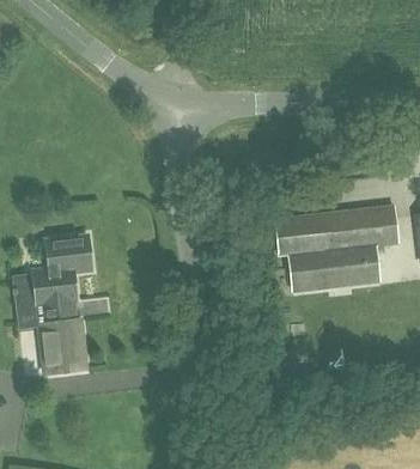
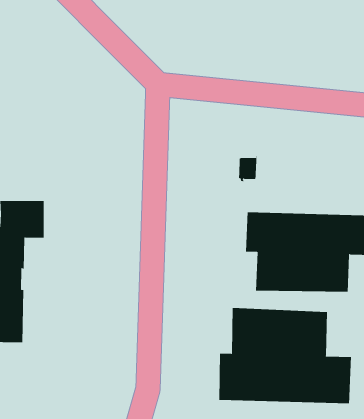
building: none -> [219,307,351,404]

